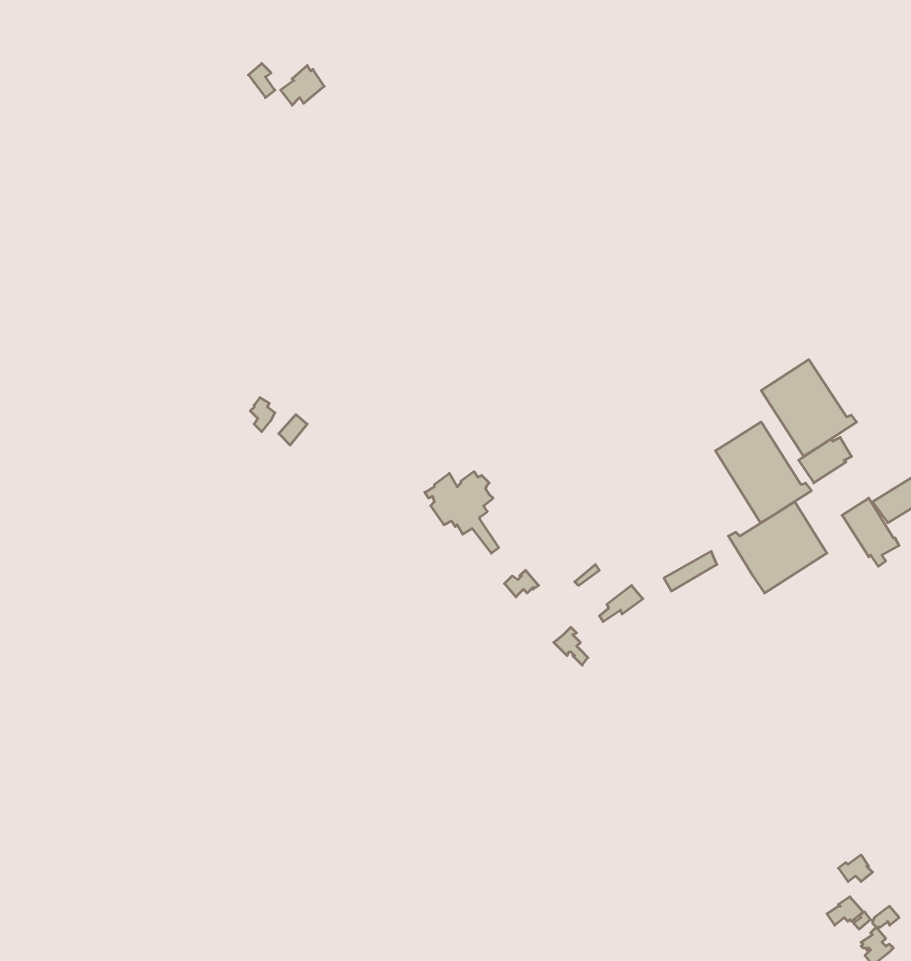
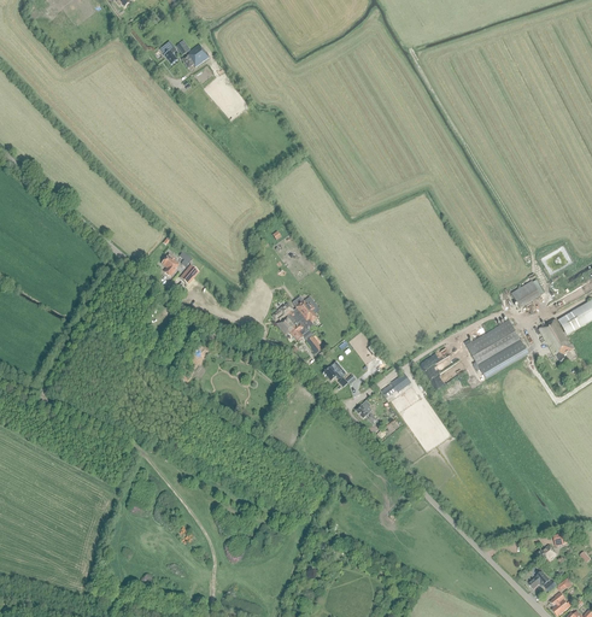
building: [761,360,857,456] -> none
building: [715,422,811,523] -> none

